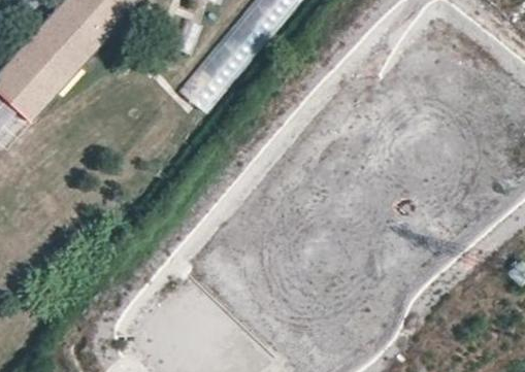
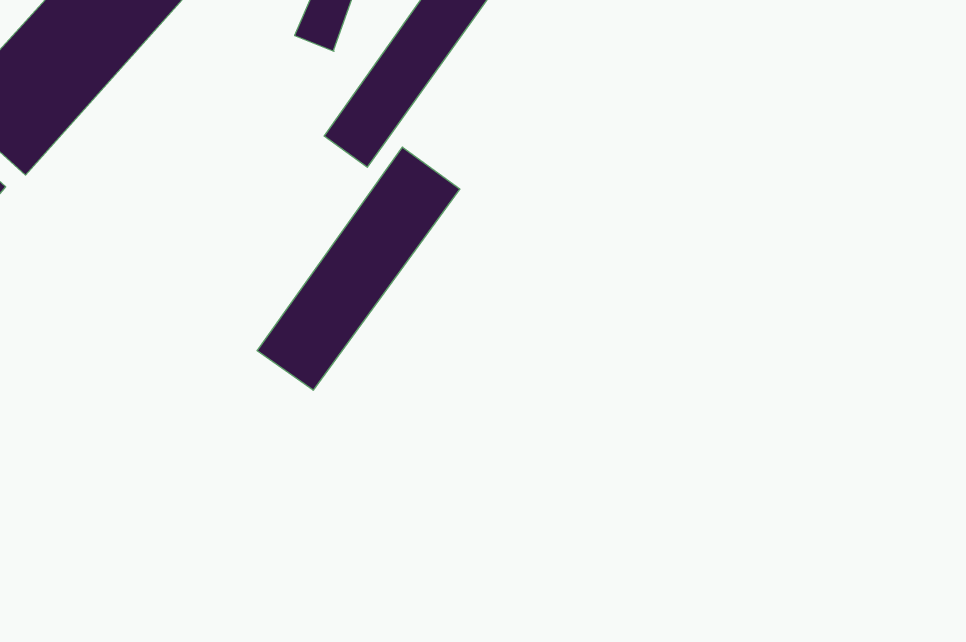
building: none -> [257,147,460,390]

